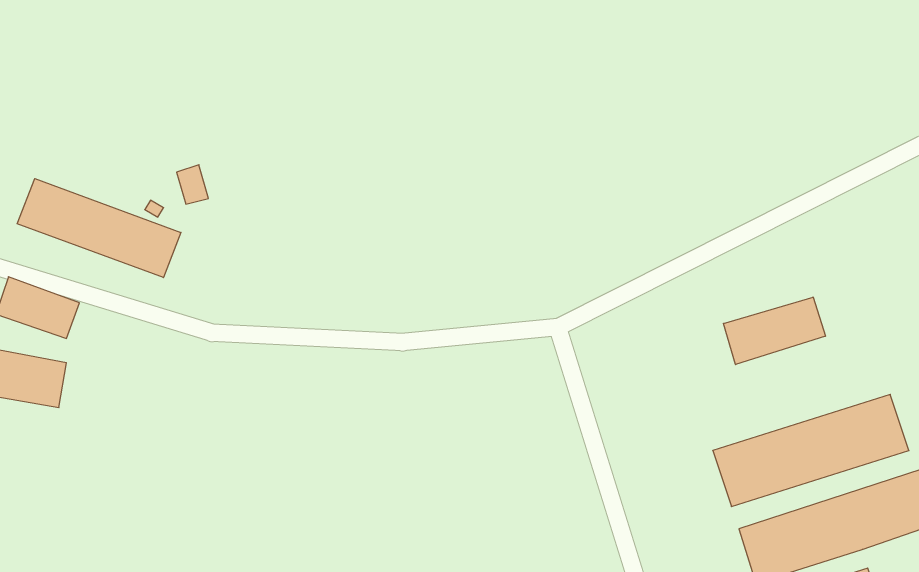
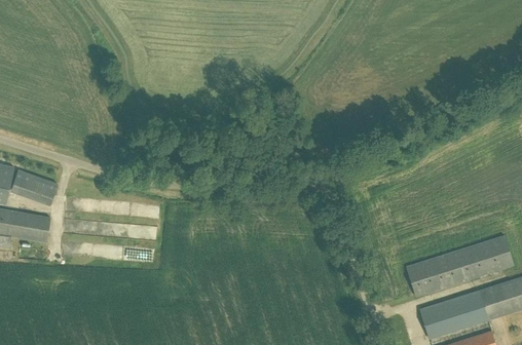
building: [17,179,181,278] -> none
building: [723,297,825,365] -> none

